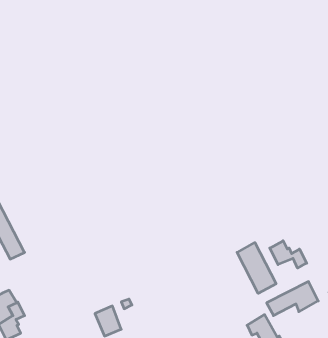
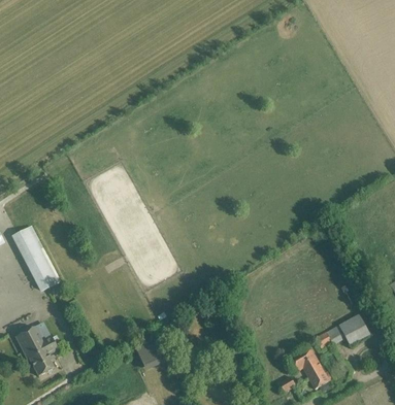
building: [270,241,307,268] -> none
building: [237,243,276,293] -> none

